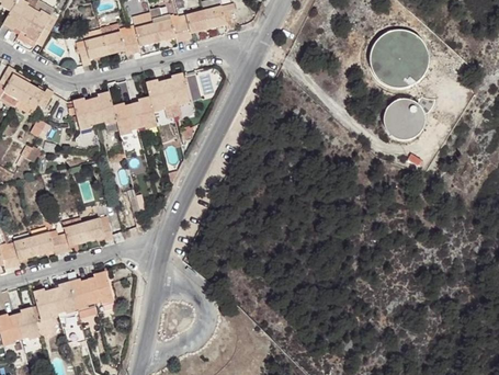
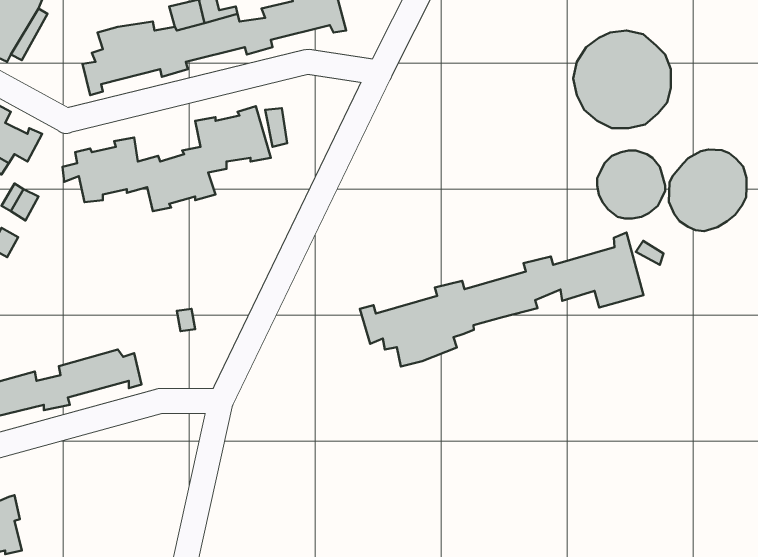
building: none -> [669,150,747,231]
building: none -> [360,232,644,367]
building: [34,270,114,319] -> none

